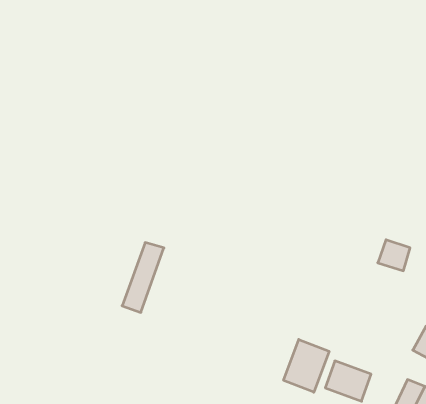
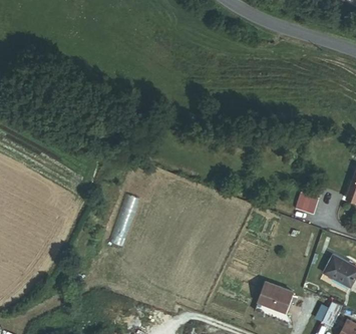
building: [284,339,329,392] -> none

